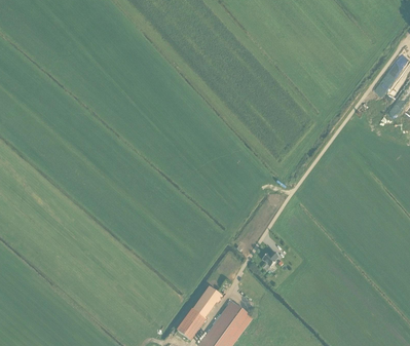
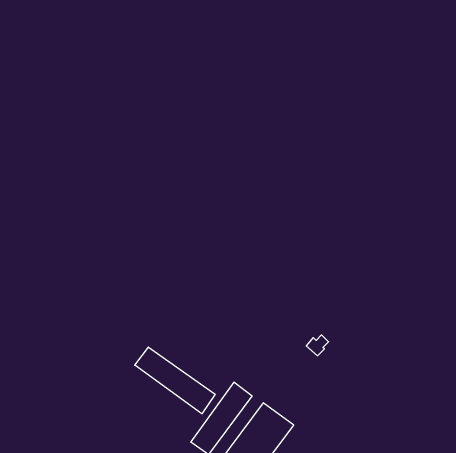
building: none -> [135,347,215,414]

